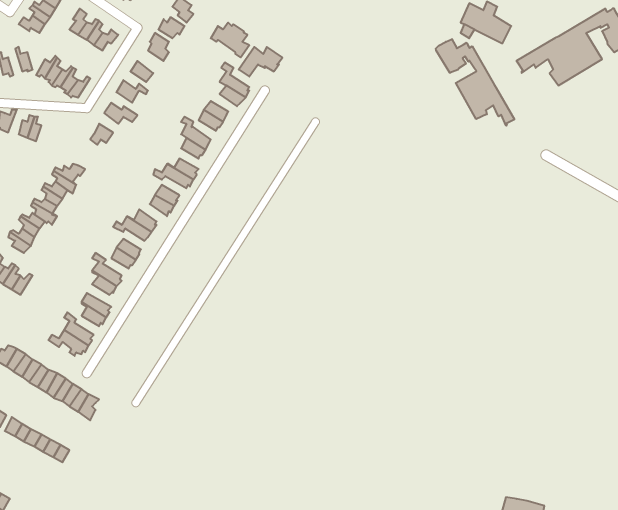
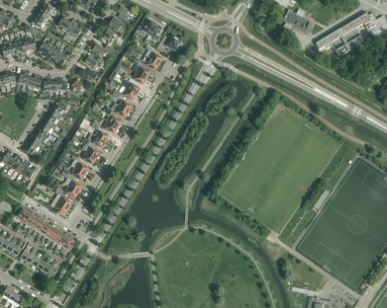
building: [436,39,514,126] -> none

